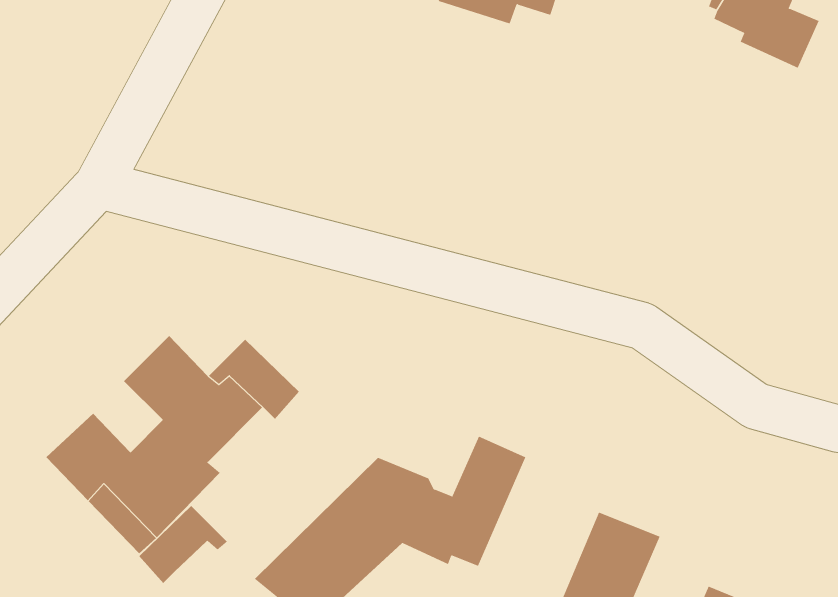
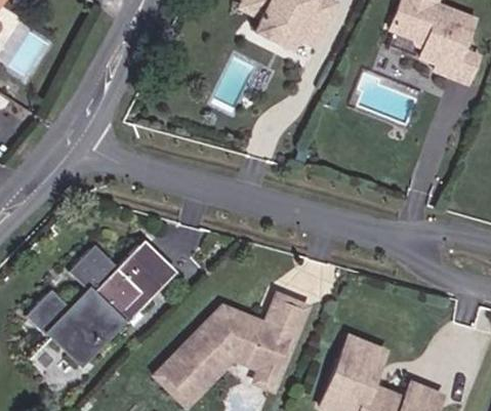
building: [139,505,228,584] -> none

